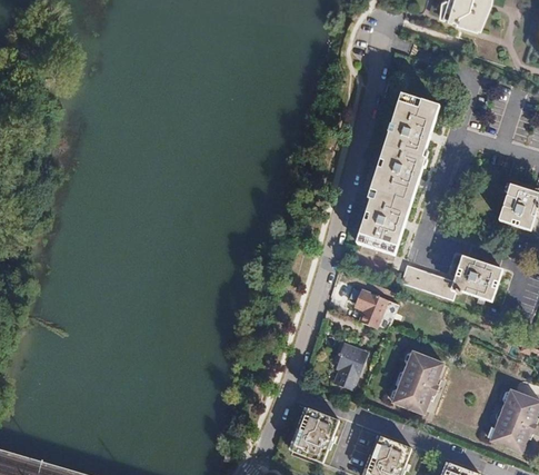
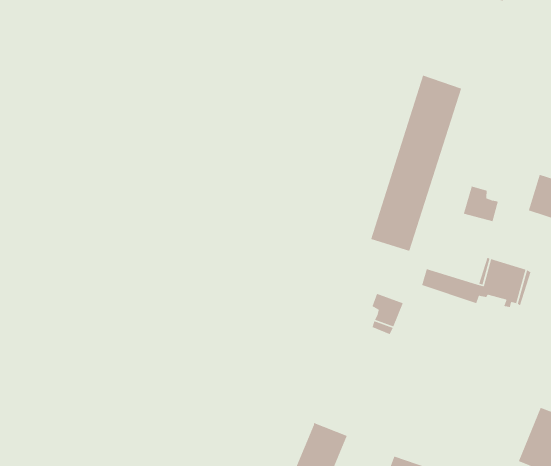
building: none -> [463,186,499,222]
building: [333,342,366,386] -> none
building: [390,353,441,414] -> none

